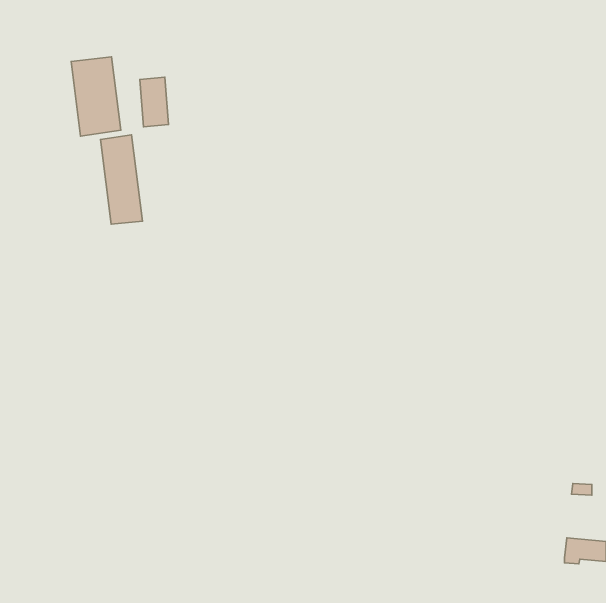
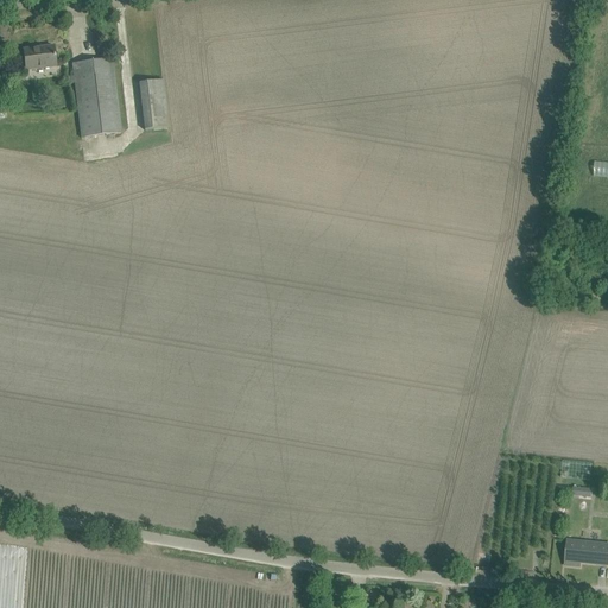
building: none -> [24,44,56,69]
building: [100,135,142,224] -> none

